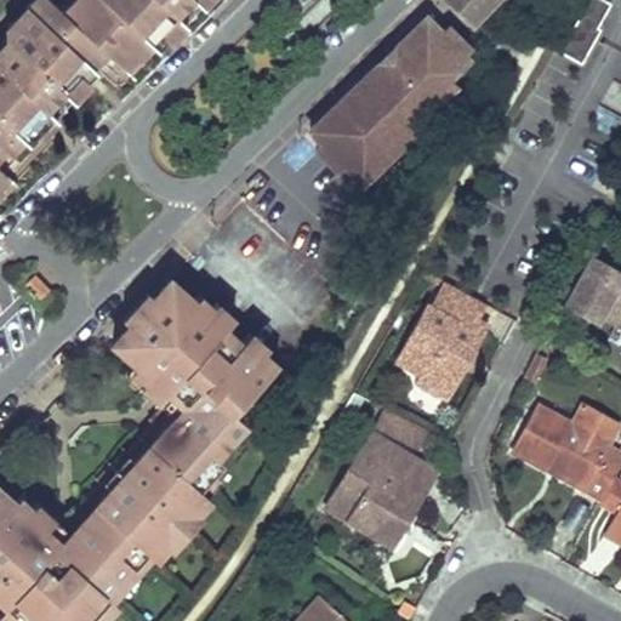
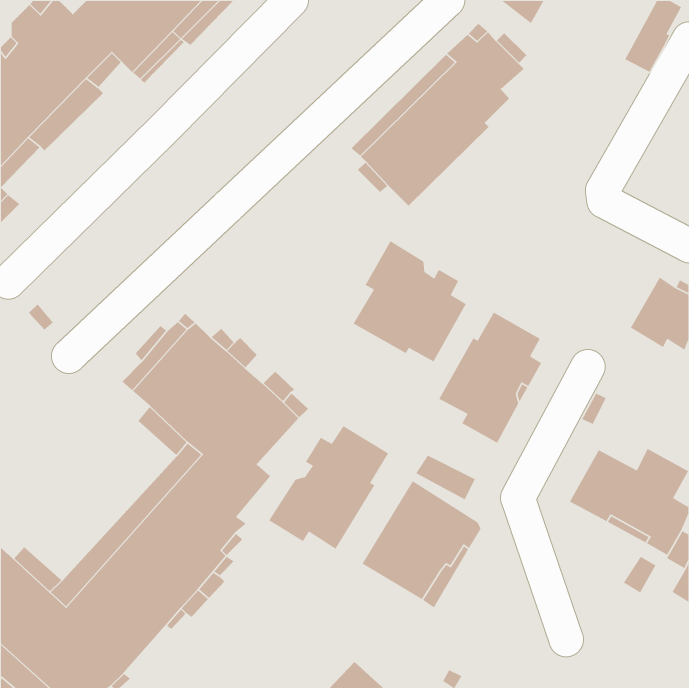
building: none -> [353,240,467,363]
building: none -> [268,425,389,550]

